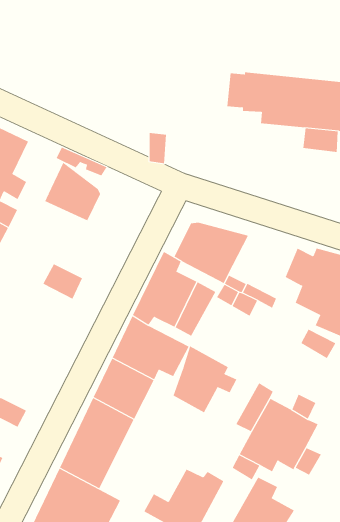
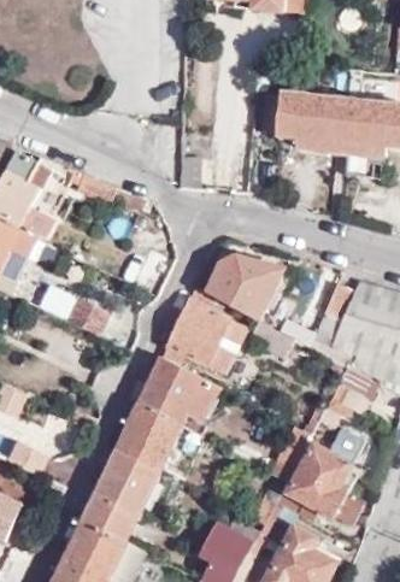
building: [44,162,101,221] -> none
building: [173,346,237,413] -> none

